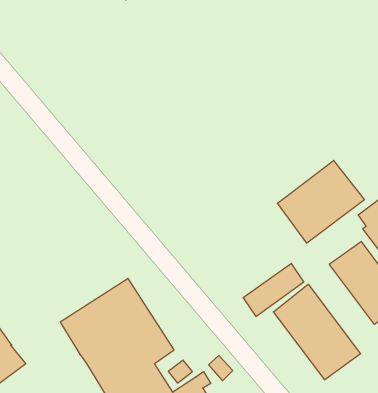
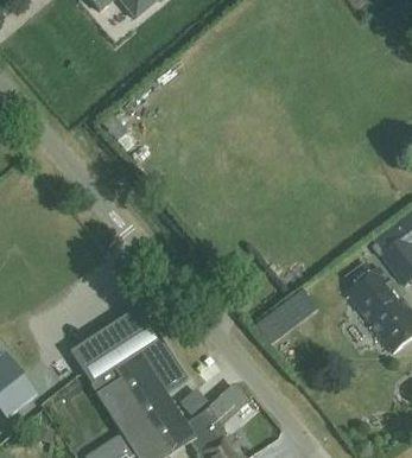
building: [277,160,364,243] -> none
building: [273,284,361,380] -> none

